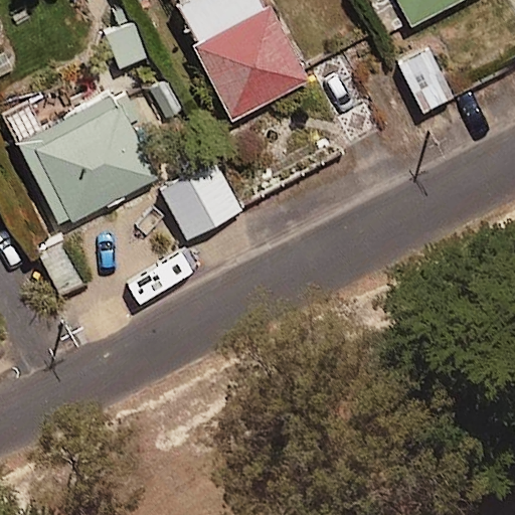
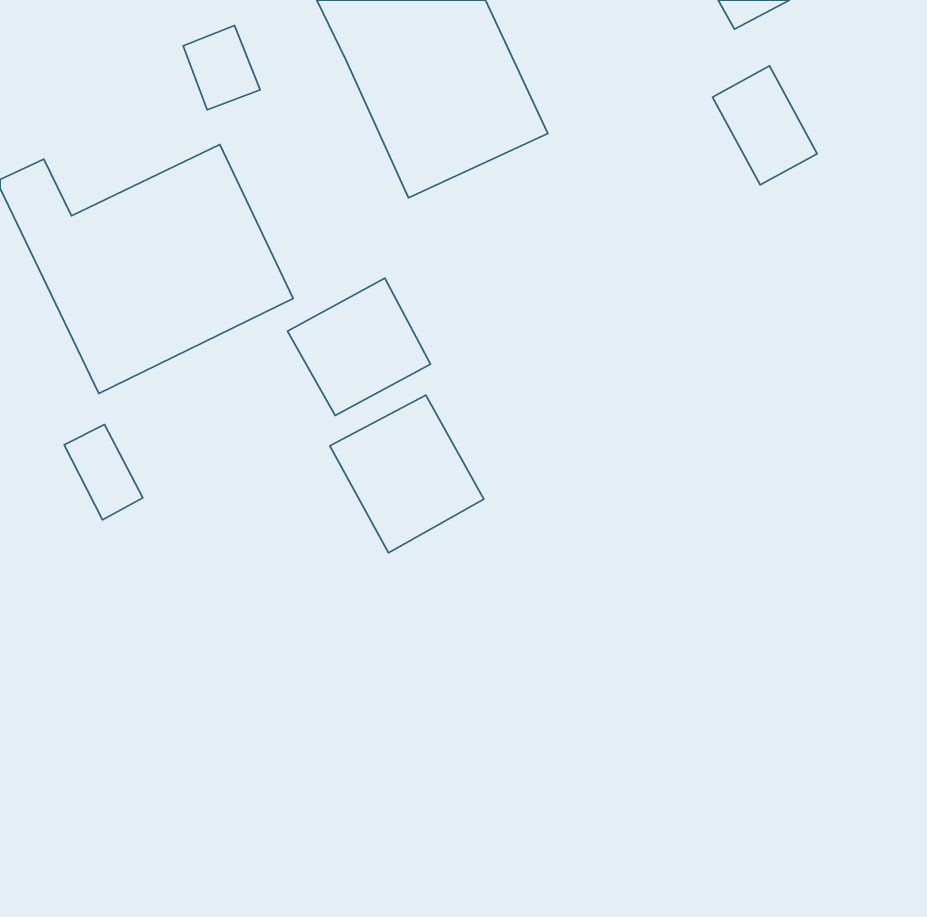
building: none -> [330,395,484,553]

